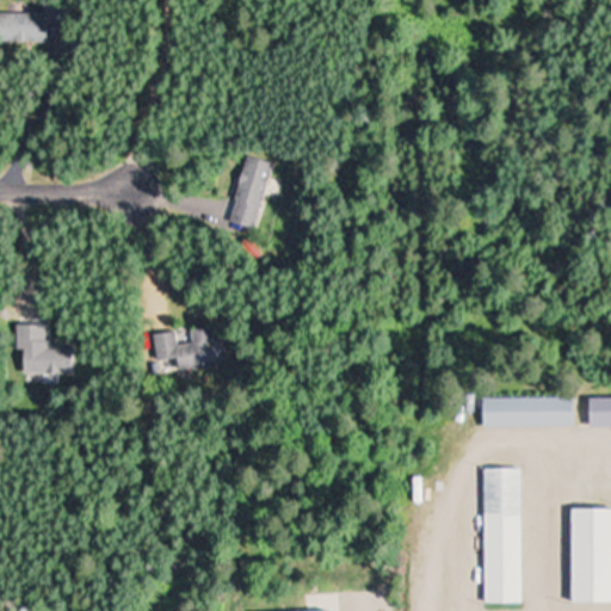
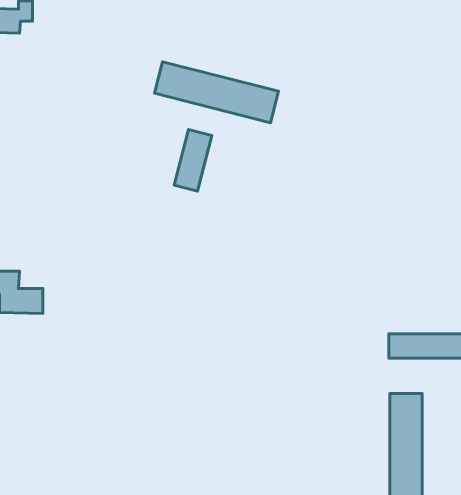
building: none -> [154,62,279,123]
building: [153,326,233,370] -> none

